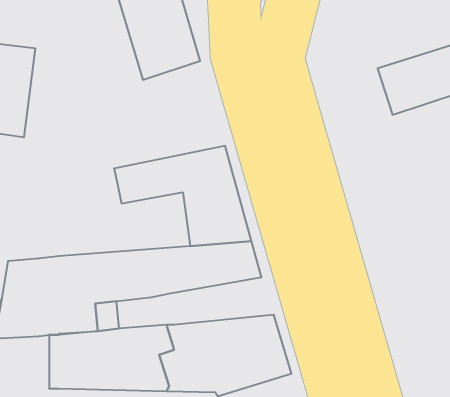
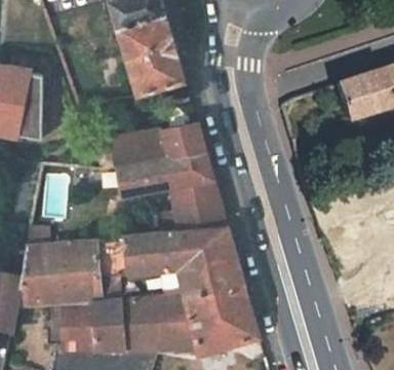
building: none -> [93,122,205,171]
building: none -> [159,258,245,297]

